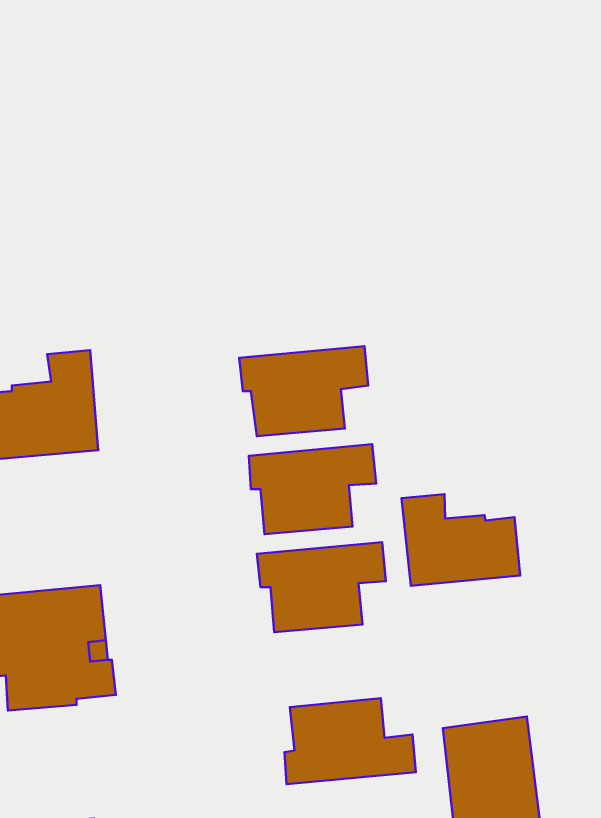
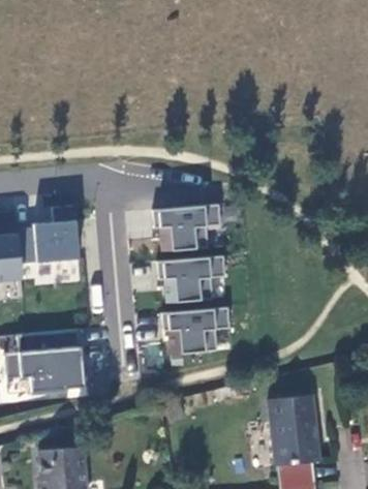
building: [401,494,520,586] -> none
building: [284,698,416,784] -> none

